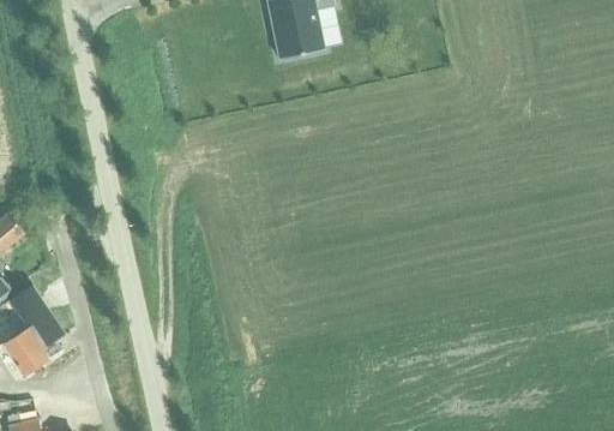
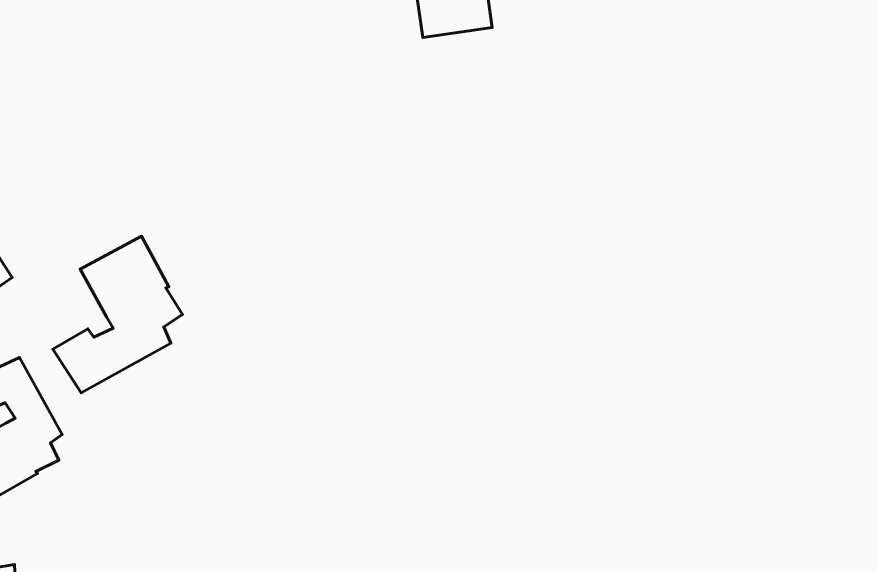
building: none -> [53,236,182,393]

